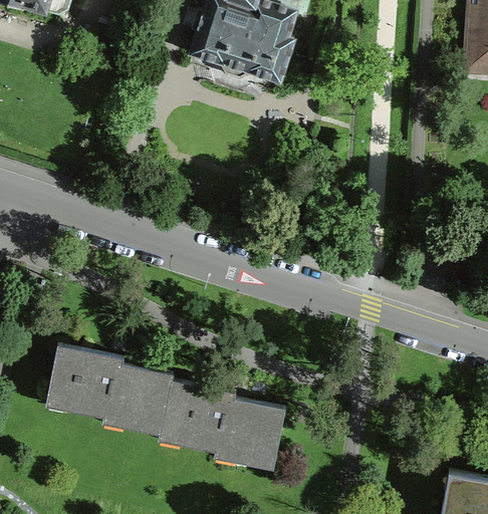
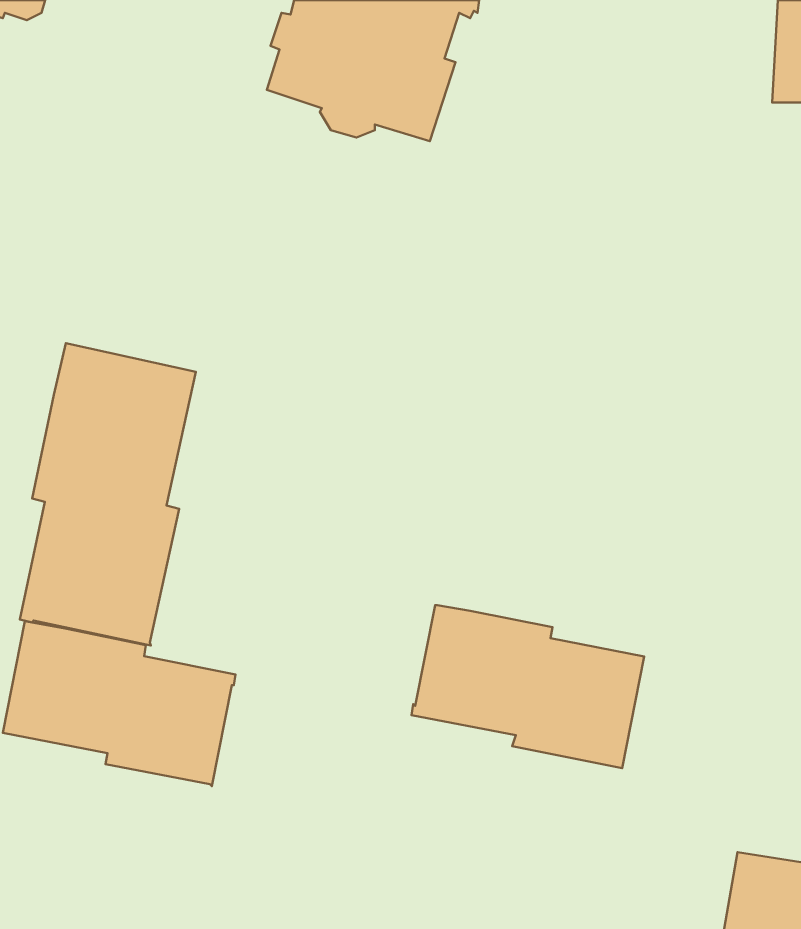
building: none -> [20,343,196,646]
building: [159,379,286,469] -> [411,605,644,768]

